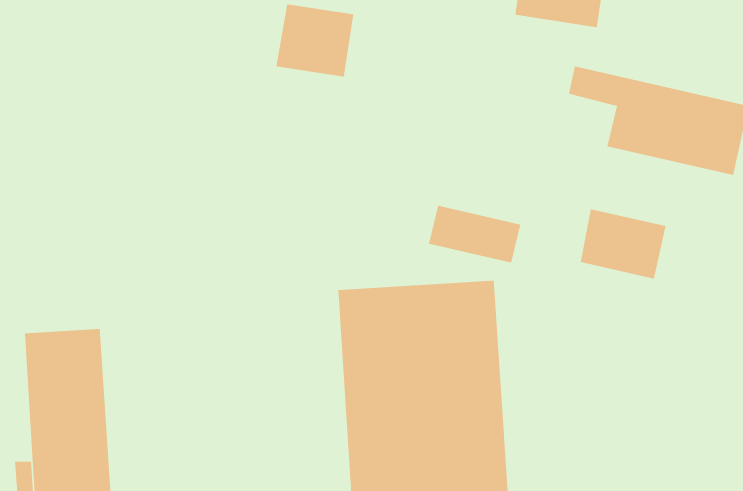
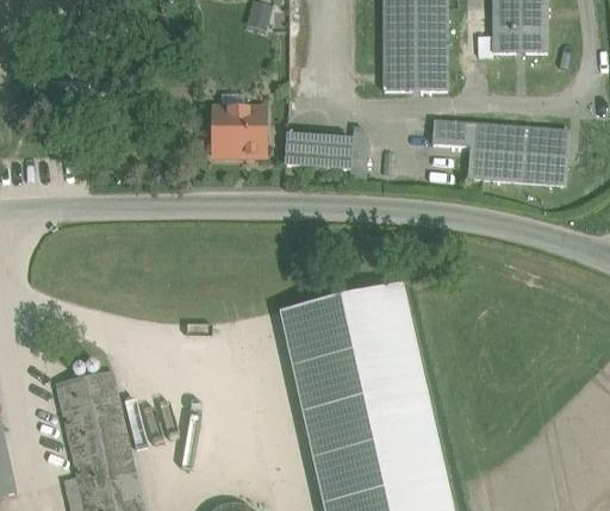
building: [428,205,521,263] -> [285,133,351,168]
building: [580,208,666,279] -> none

